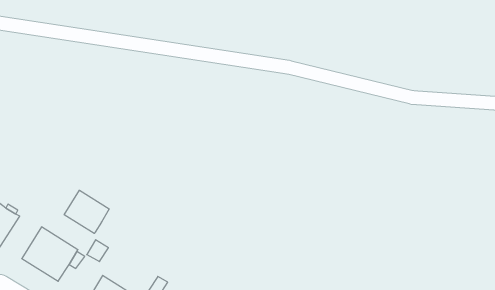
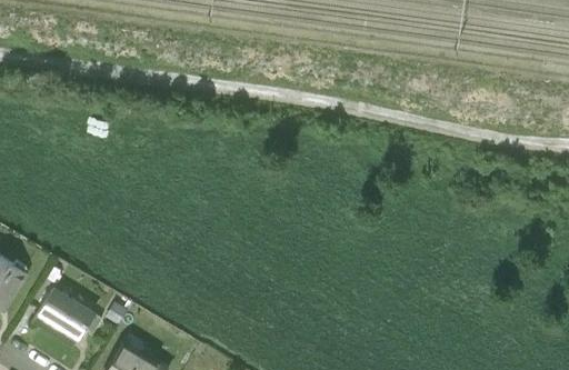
building: [64,190,109,233] -> none

